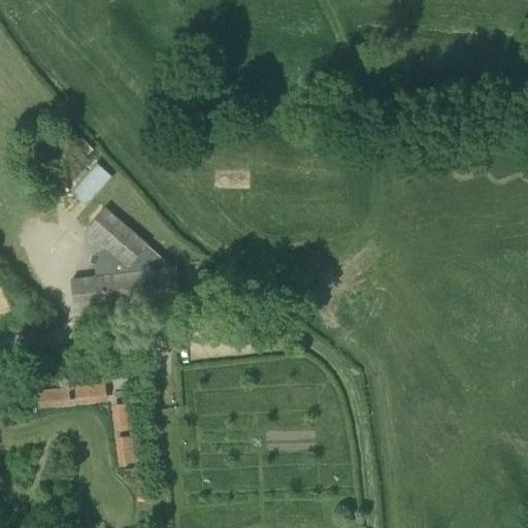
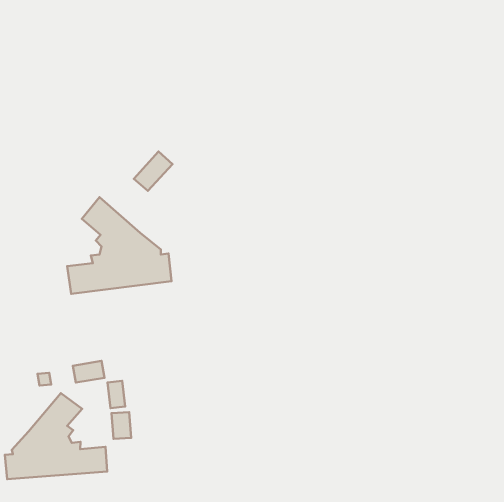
building: [71,162,111,203] -> [134,151,172,191]
building: none -> [5,393,107,479]

